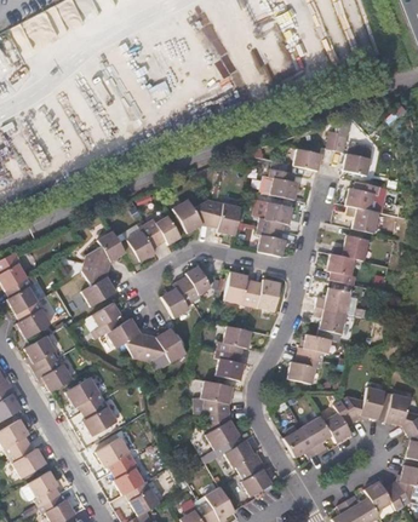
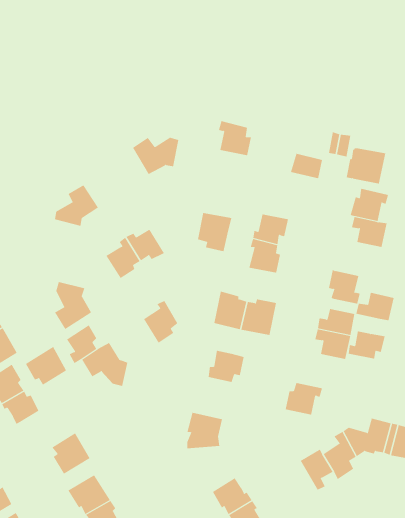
building: [269,167,299,199] -> [218,121,252,156]
building: [173,199,216,233] -> [132,137,179,175]
building: [86,231,126,269] -> [54,185,99,226]
building: [334,234,370,259] -> [355,292,395,321]
building: [182,265,212,300] -> none
building: [144,327,188,362] -> none
building: [299,333,333,358] -> [348,331,386,359]
building: [218,349,246,379] -> none
building: [64,377,102,412] -> [25,346,67,385]
building: [201,411,239,449] -> none
building: [284,424,319,457] -> none

